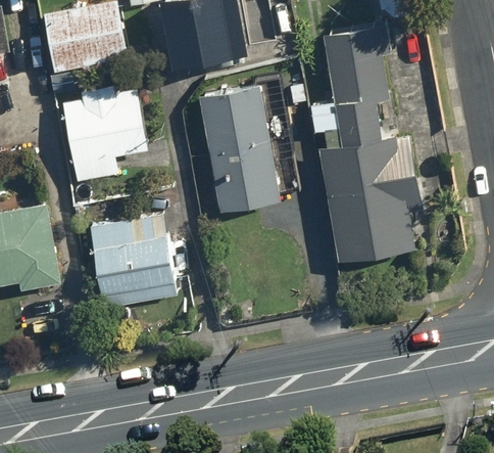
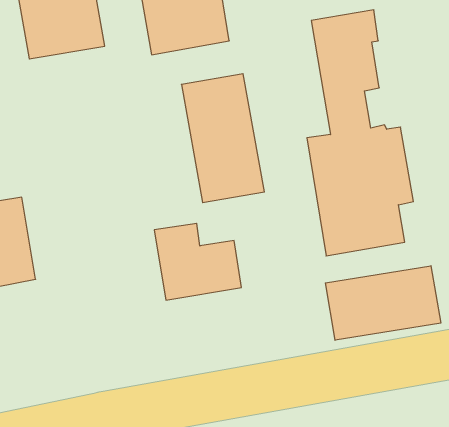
building: [63,85,147,181] -> none
building: [90,222,174,296] -> [154,223,241,300]
building: none -> [325,266,441,340]

